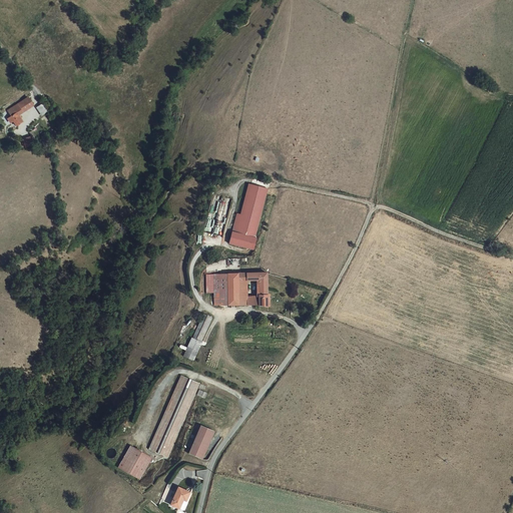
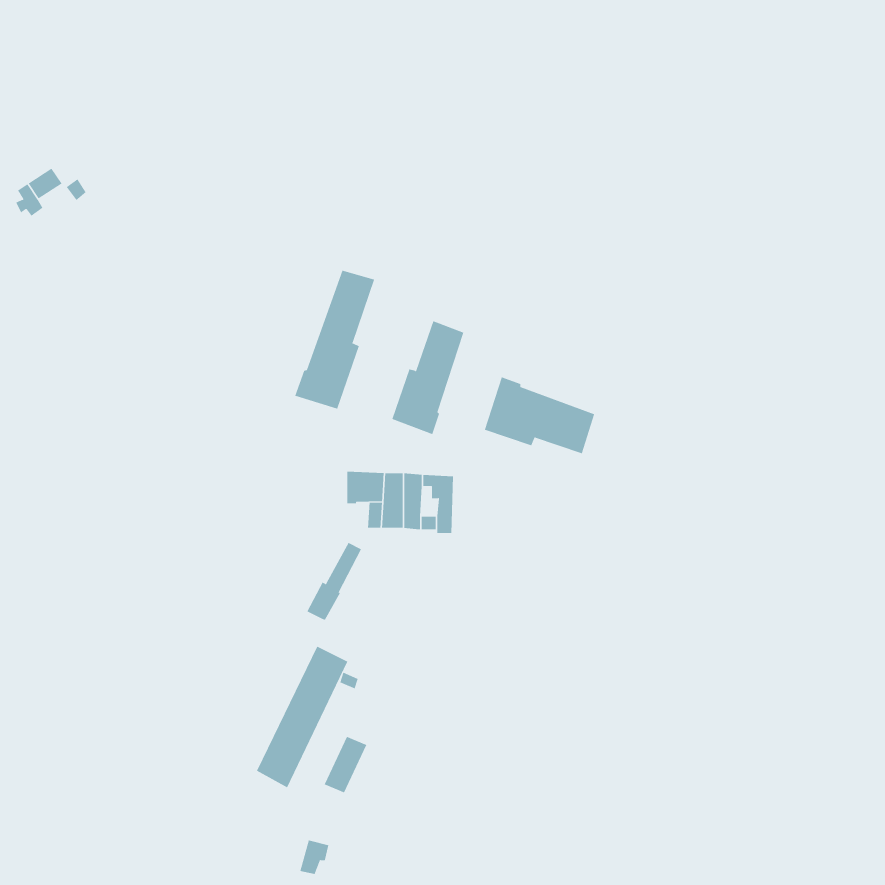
building: none -> [295,270,375,410]
building: none -> [484,377,595,454]
building: [117,441,151,476] -> none

